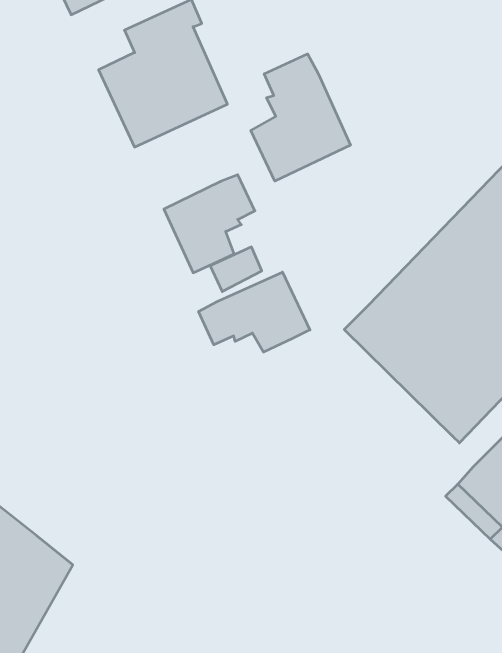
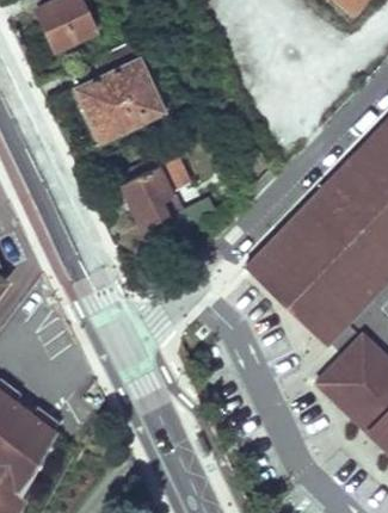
building: [251,54,350,181] -> none
building: [199,272,310,352] -> none

